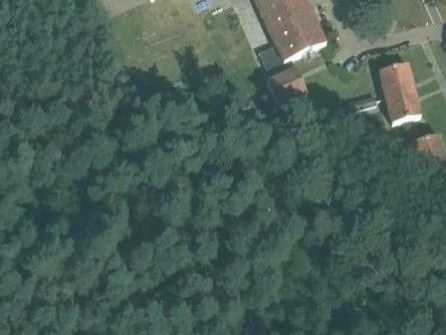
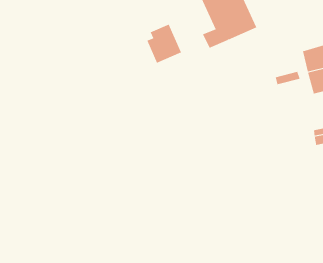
building: [264,56,306,103] -> [146,24,182,63]

